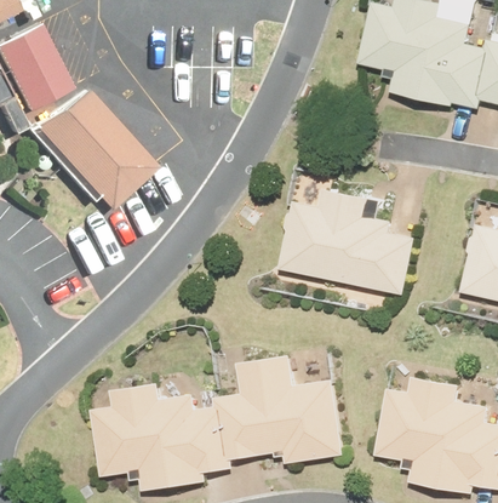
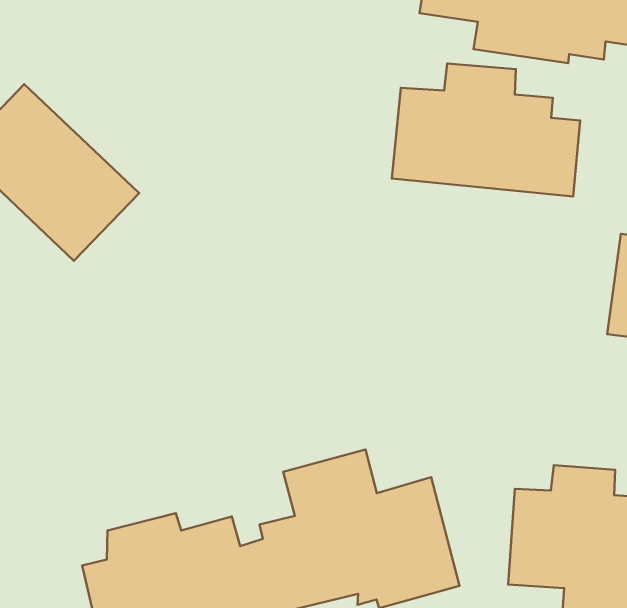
building: [281,192,412,290] -> [392,63,580,197]

